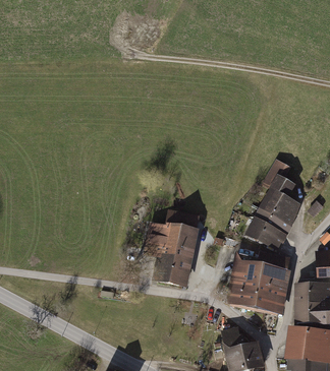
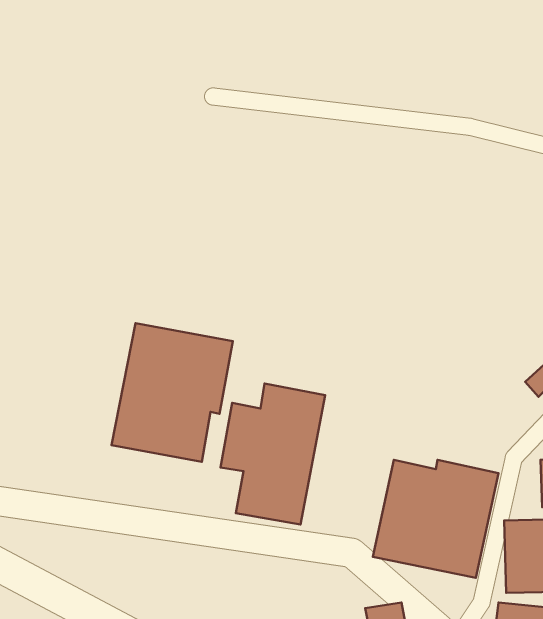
building: [244,160,300,251] -> none
building: none -> [111,323,233,462]

